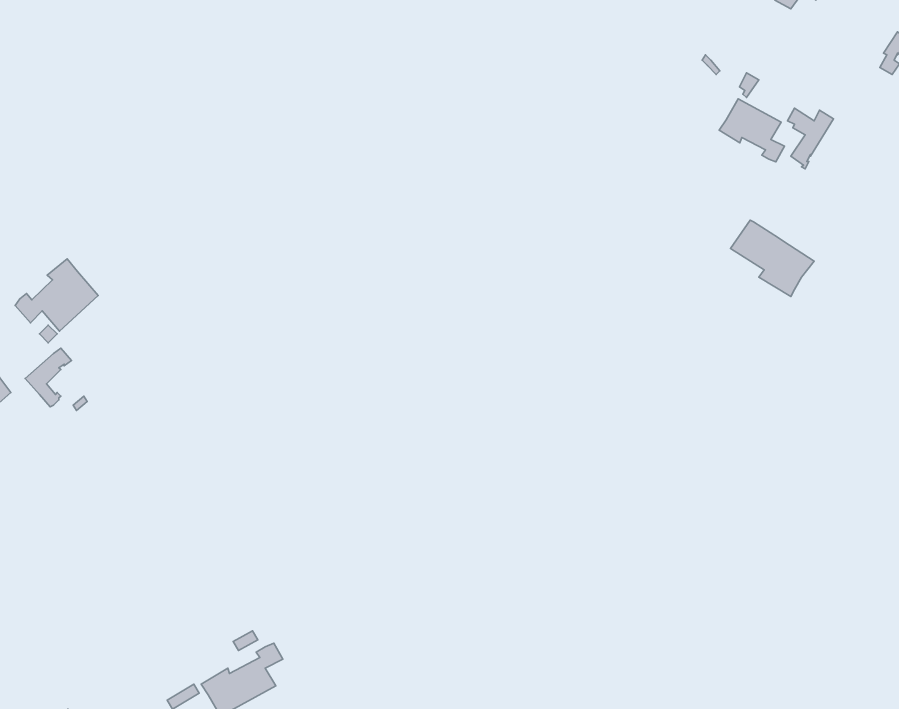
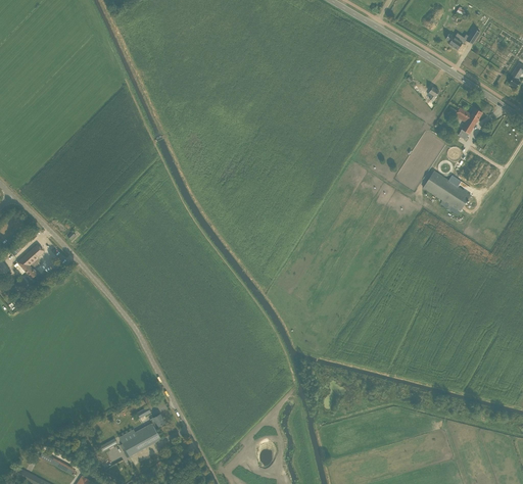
building: [719,99,785,162] -> none
building: [15,259,98,331] -> none

